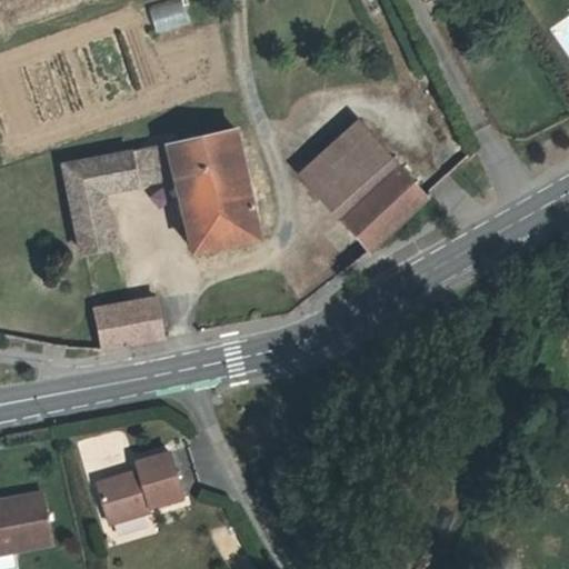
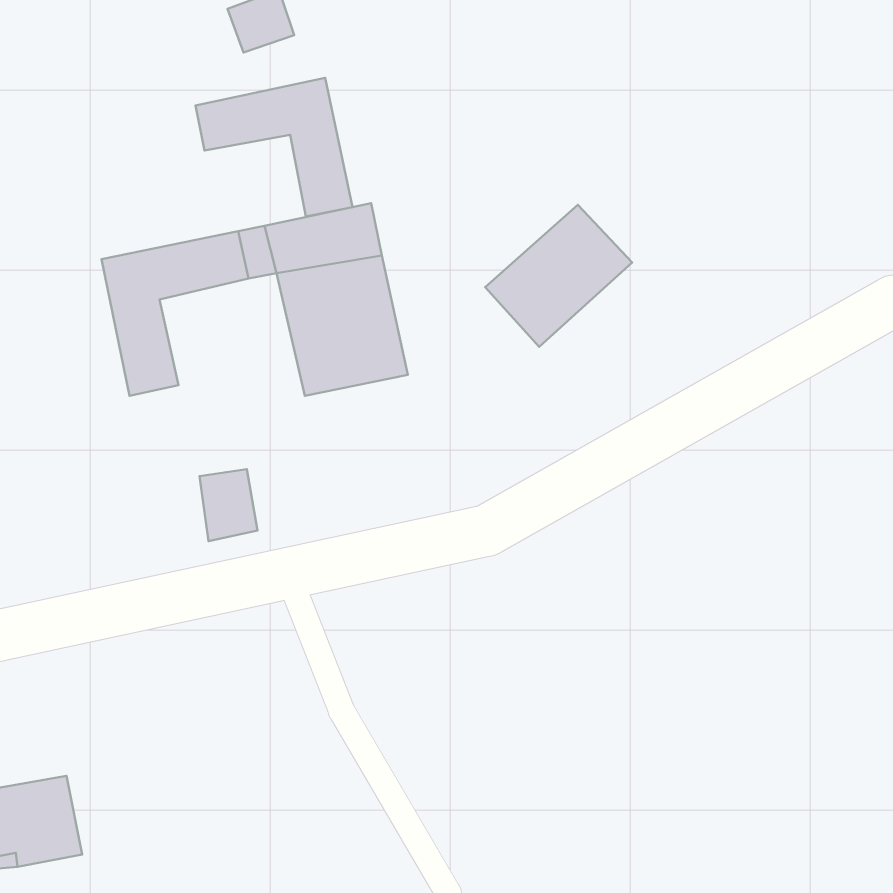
building: none -> [196,78,353,217]
building: [342,167,427,250] -> none
building: [93,302,132,349] -> none
building: [97,451,182,523] -> none

